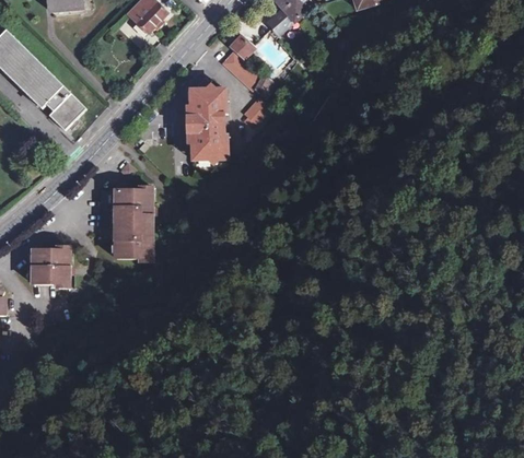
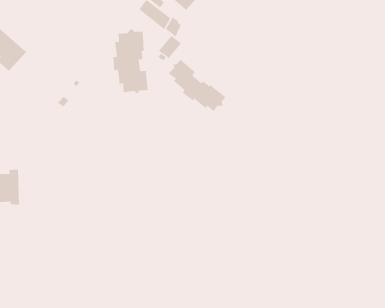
building: none -> [168,59,226,112]
building: [97,185,151,262] -> none

